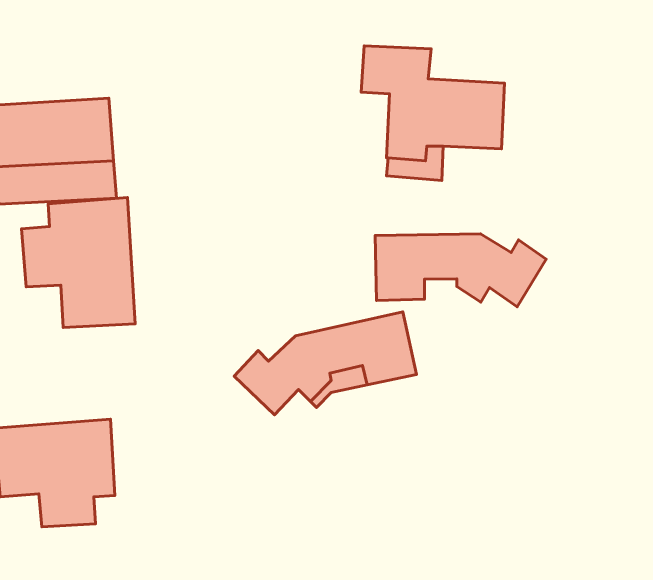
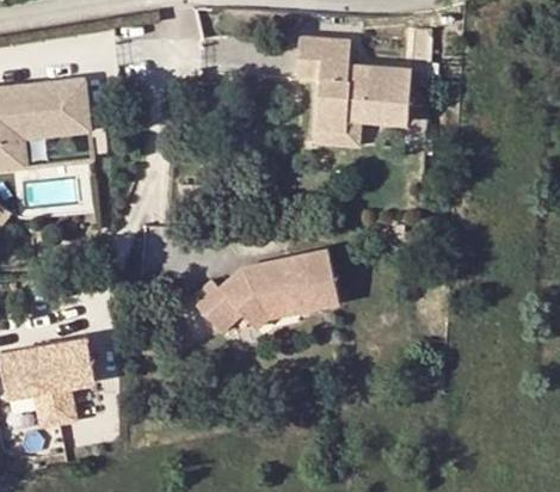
building: [22,197,135,327] -> none
building: [375,234,546,307] -> none

